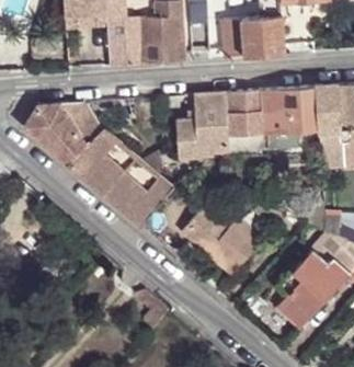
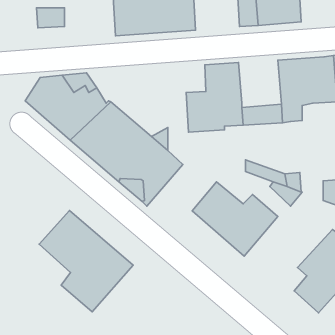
building: [226,90,266,135] -> none
building: none -> [39,210,133,312]

